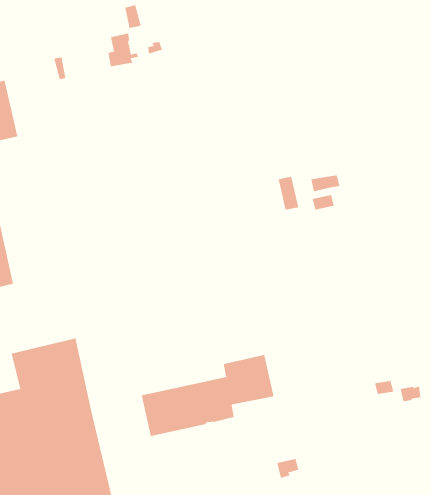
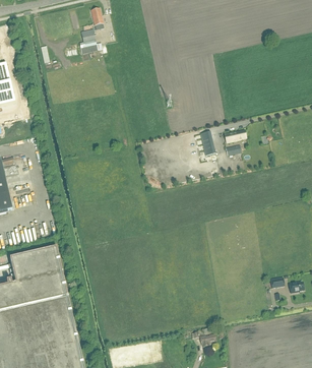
building: [141,354,274,437] -> none

